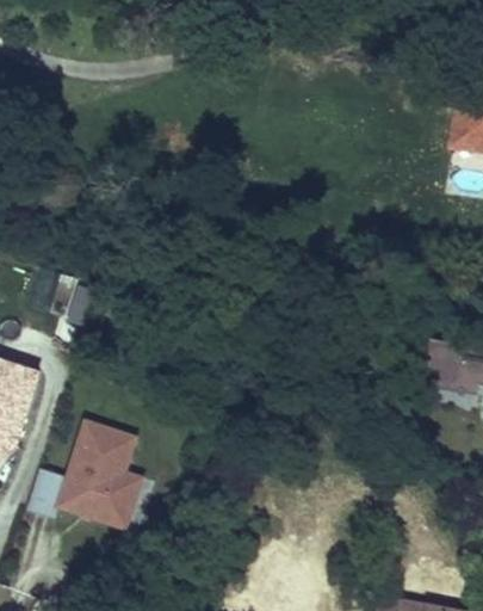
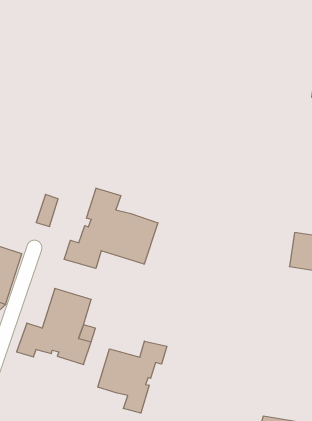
building: none -> [64,188,158,268]
building: none -> [98,341,167,413]

